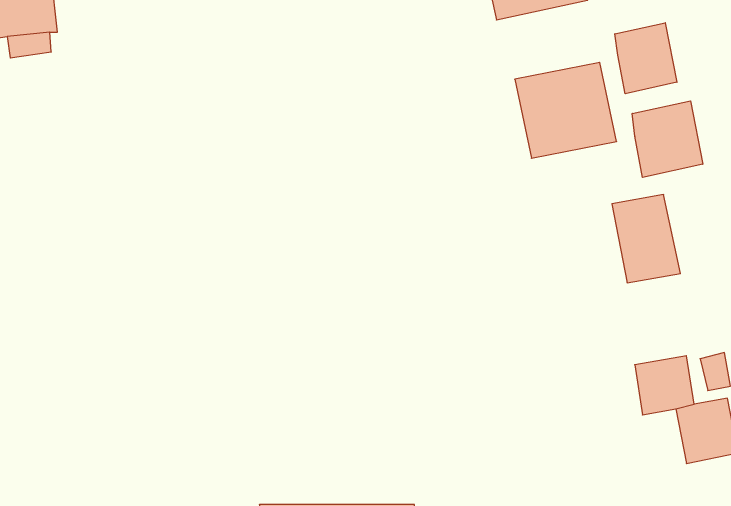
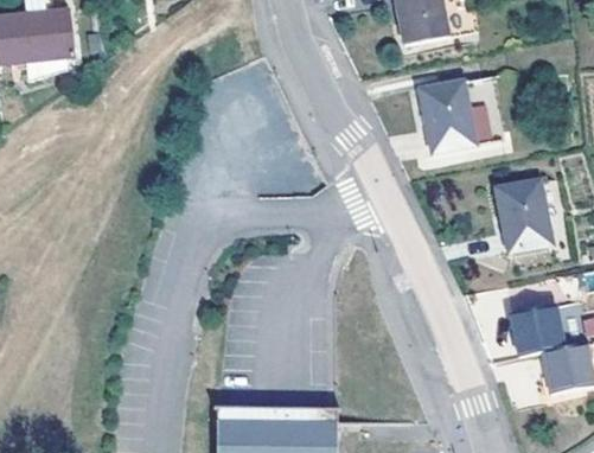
building: [615,23,677,94] -> none
building: [632,101,703,177] -> none

